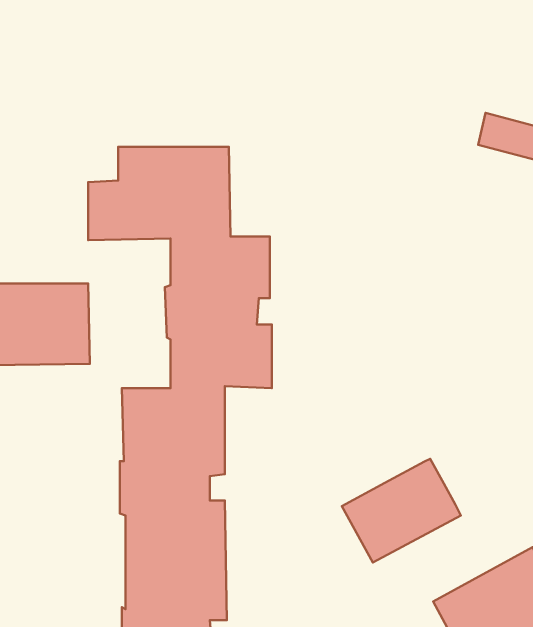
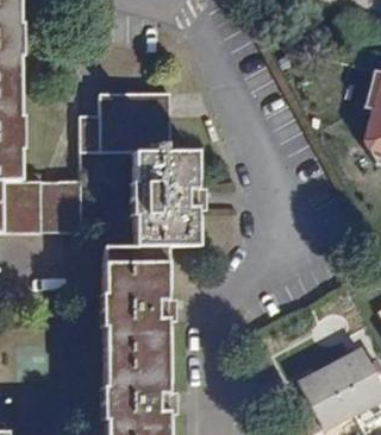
building: [342,459,461,563] -> none

